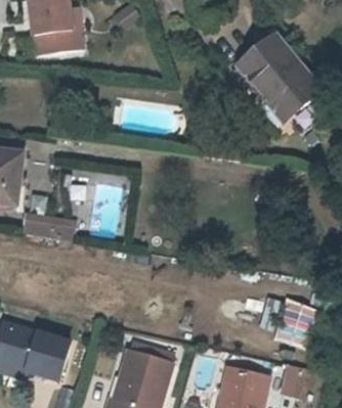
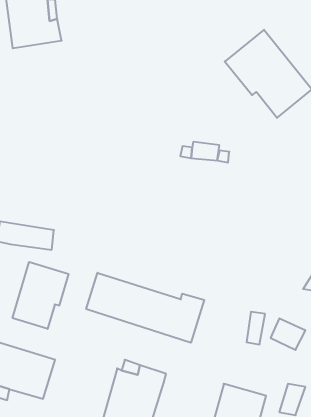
building: none -> [13,262,69,329]
building: none -> [86,273,204,343]

